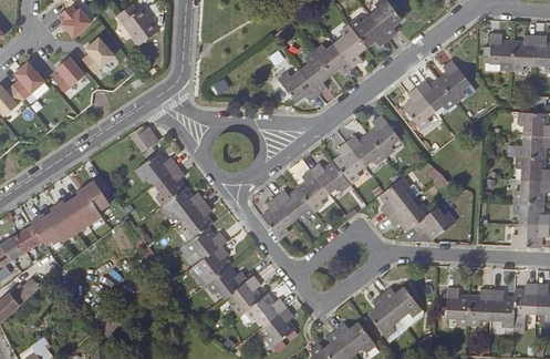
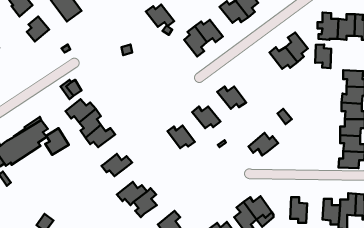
building: [335,24,366,65] -> none
building: [53,57,84,92] -> none
building: [279,70,318,101] -> [146,4,174,27]
building: none -> [315,45,331,68]
building: [404,88,435,129] -> none
building: [369,114,399,156] -> none
building: [333,142,364,183] -> none
building: [298,170,329,211] -> none
building: [380,177,411,217] -> none
building: none -> [45,128,69,155]
building: [262,196,294,238] -> none
building: [181,201,212,240] -> none
building: [414,207,456,238] -> none
building: [198,245,229,284] -> none
building: [468,288,492,324] -> none
building: [245,294,287,325] -> none

